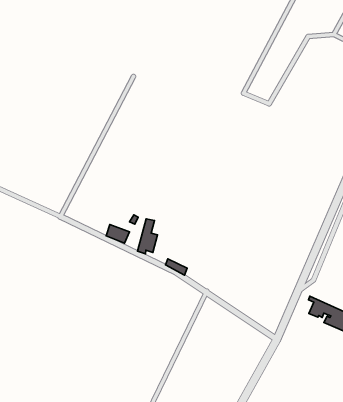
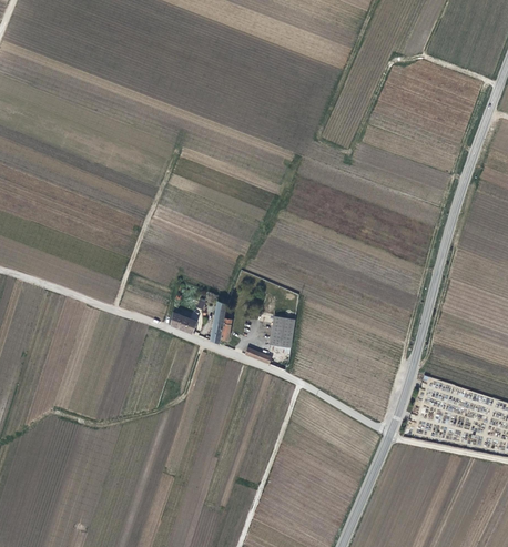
building: none -> [268,315,294,353]

